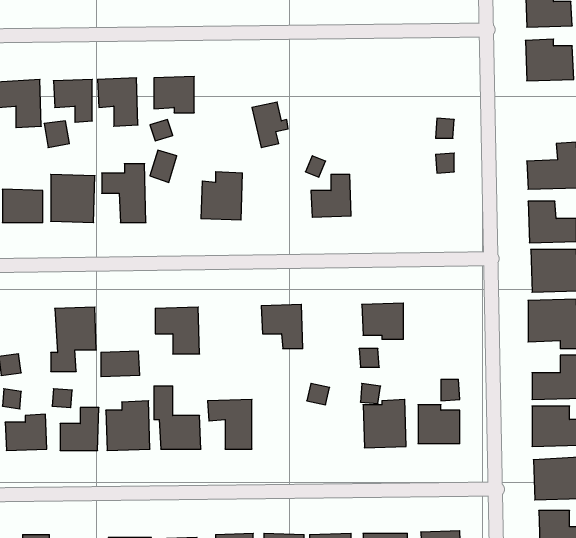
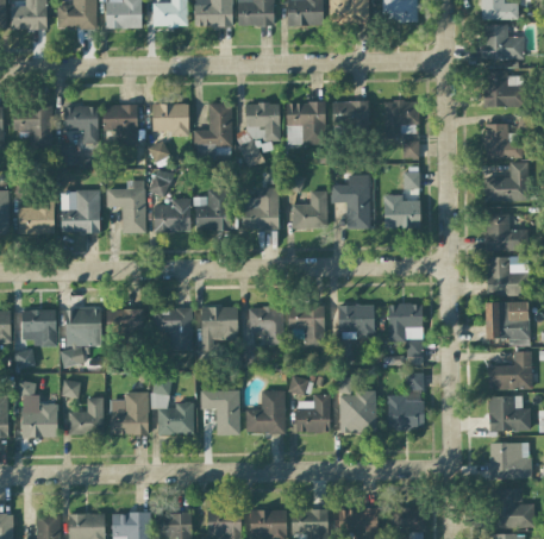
building: none -> [331,100,369,126]
building: none -> [381,100,418,138]
building: none -> [244,101,280,139]
building: none -> [286,101,325,144]
building: none -> [193,102,231,155]
building: none -> [483,123,520,157]
building: none -> [331,174,369,228]
building: none -> [242,186,279,230]
building: none -> [383,193,420,227]
building: none -> [154,198,190,231]
building: none -> [388,302,423,364]
building: none -> [287,305,325,347]
building: none -> [201,306,237,350]
building: none -> [21,308,56,346]
building: [101,351,140,377] -> [108,307,143,330]
building: none -> [245,389,284,432]
building: none -> [295,393,330,431]

